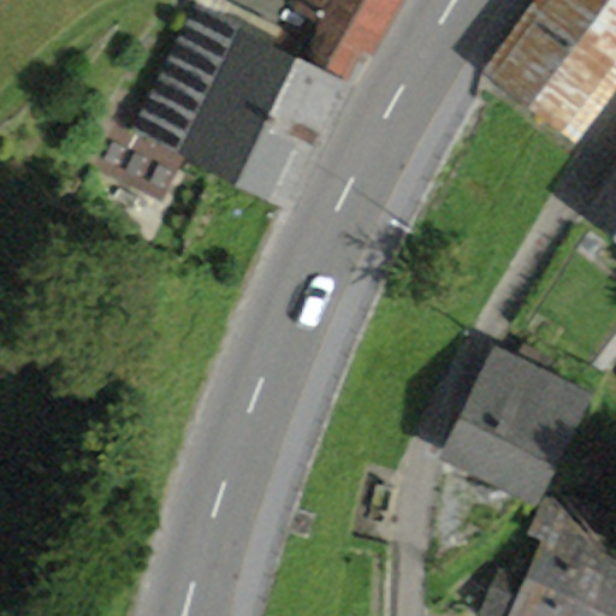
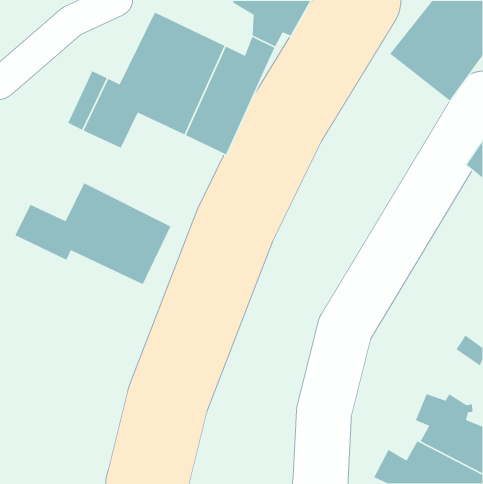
building: none -> [14,182,171,285]
building: [445,346,579,491] -> none

